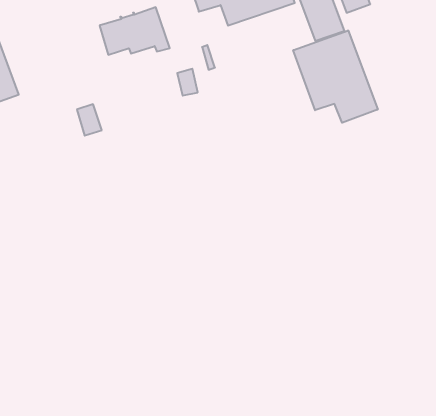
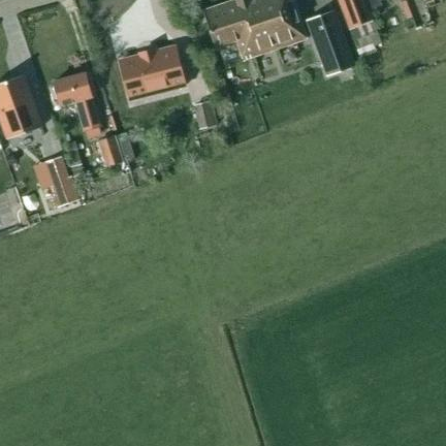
building: [293,30,378,123] -> none
building: none -> [53,72,96,120]
building: none -> [45,156,79,206]

